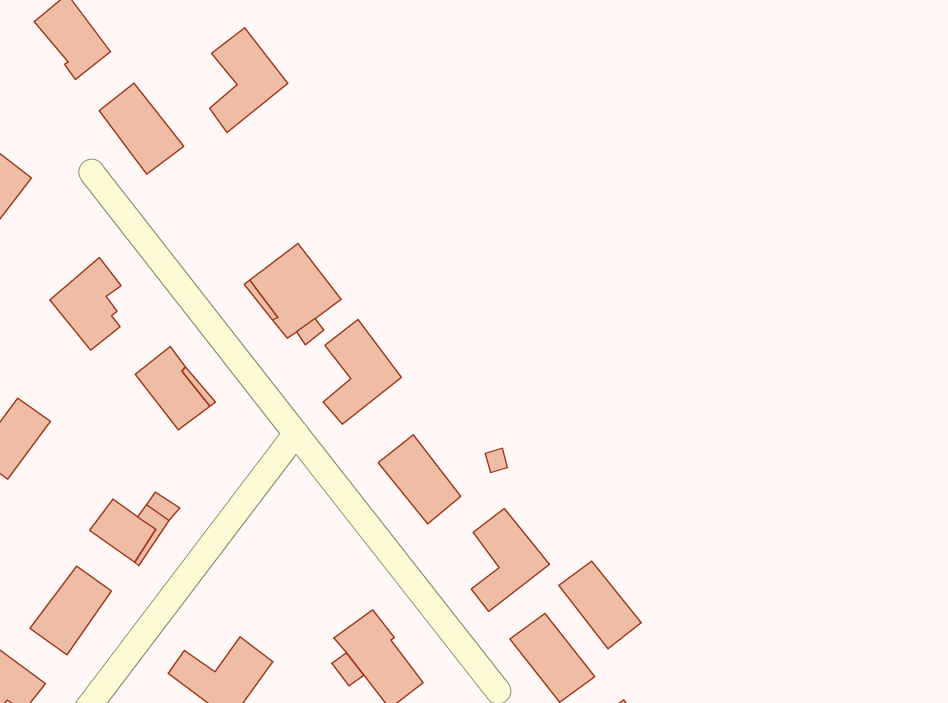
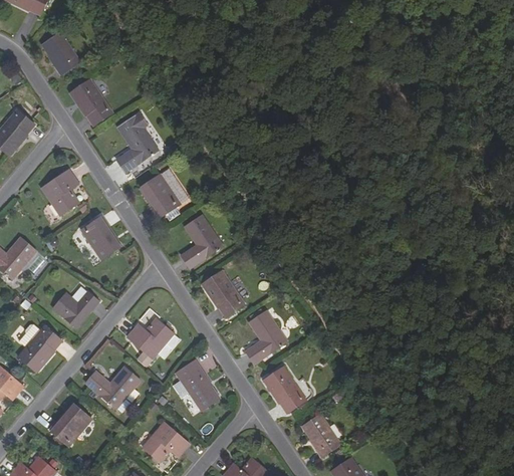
building: [210,28,288,133] -> [116,120,158,173]
building: none -> [125,319,173,358]
building: [559,561,641,649] -> none

